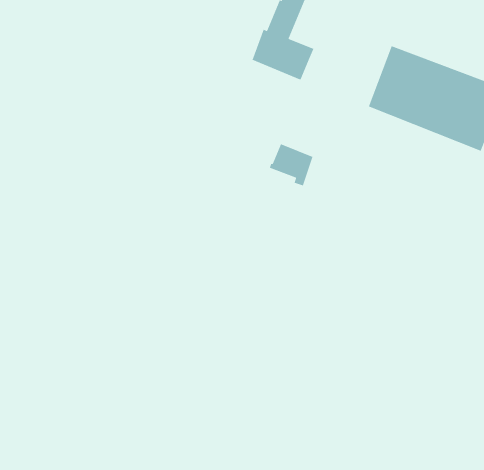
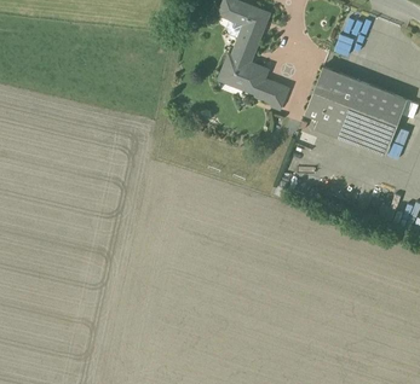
building: [269,143,314,187] -> [254,78,287,110]

